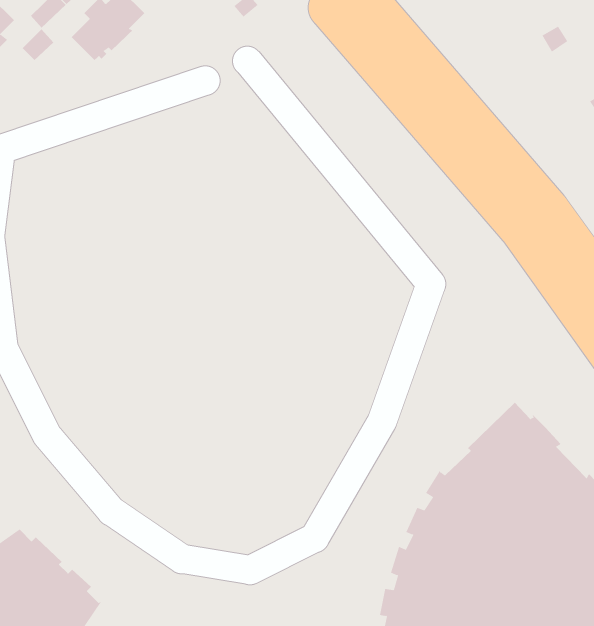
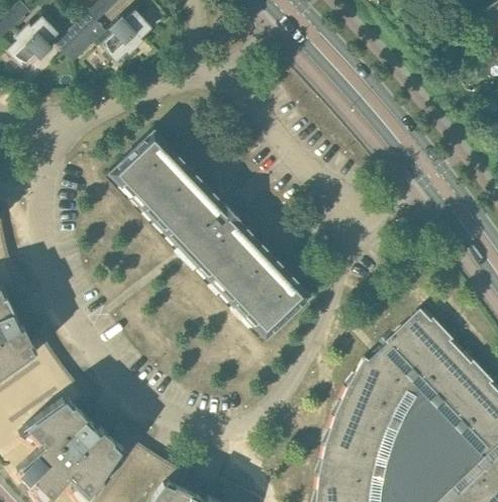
building: none -> [109,130,310,338]

